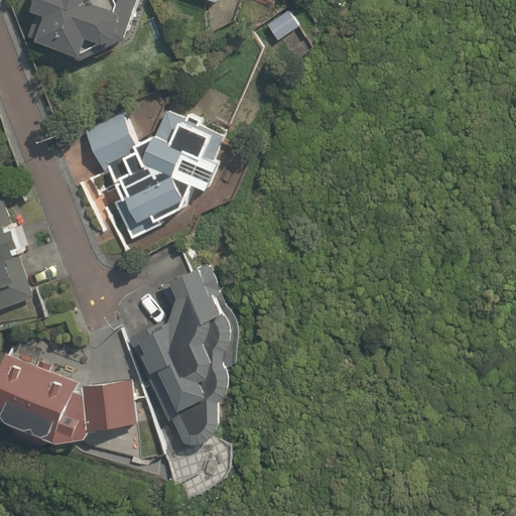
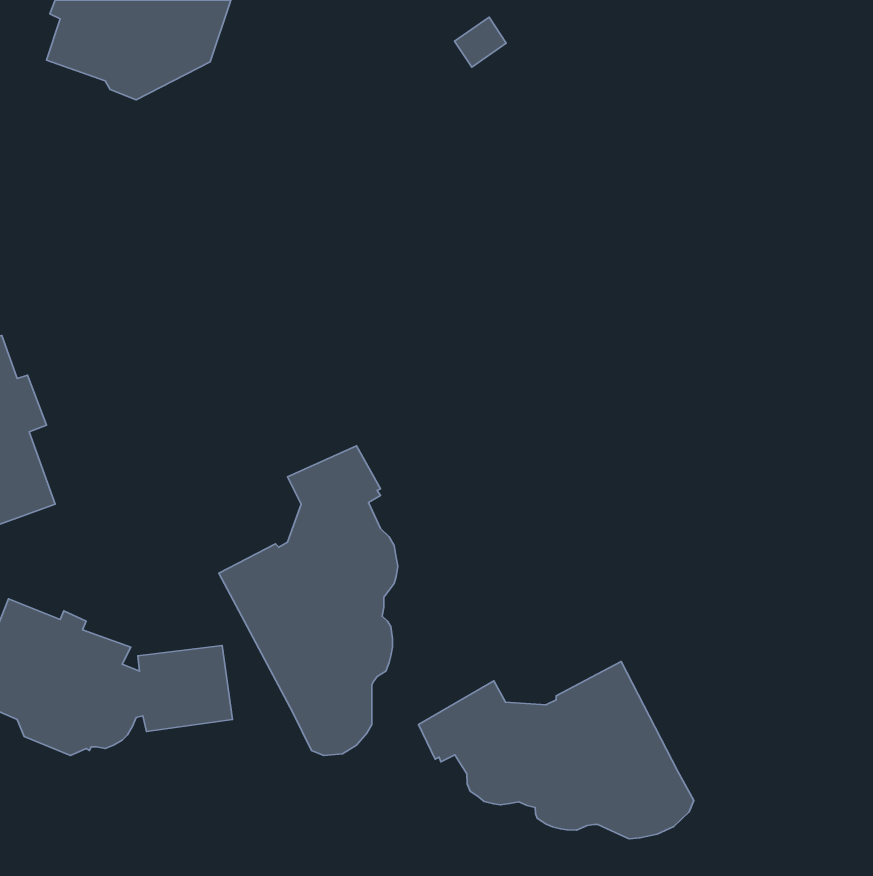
building: [84,111,224,240] -> none
building: none -> [419,662,694,839]

